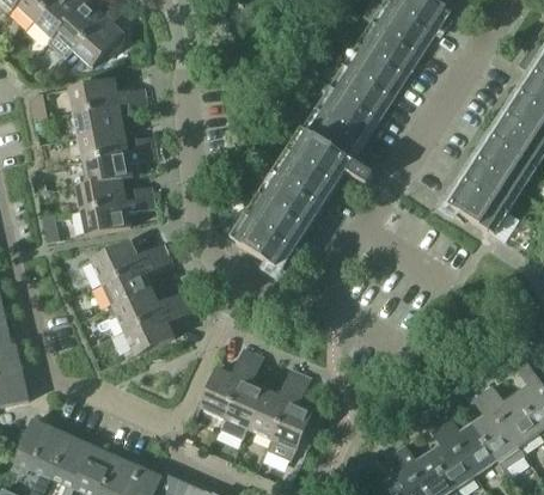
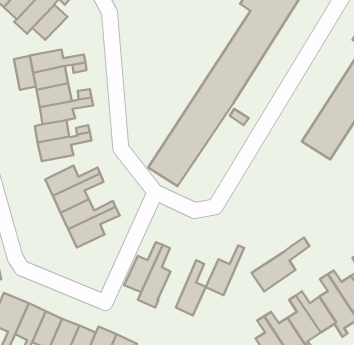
building: none -> [14,56,36,90]
building: none -> [251,237,309,292]
building: [246,369,300,439] -> [205,245,244,295]

